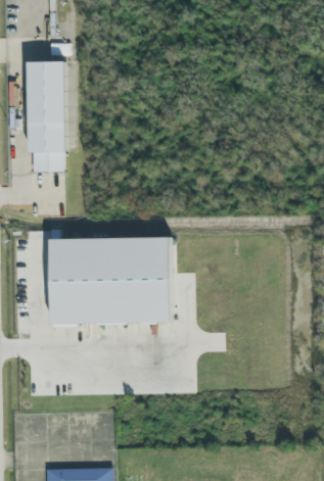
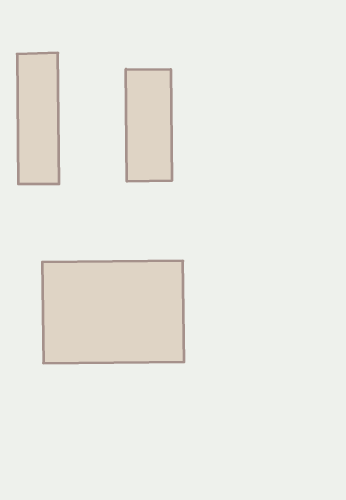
building: none -> [126,69,172,181]

